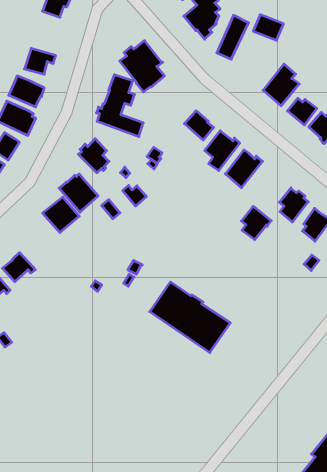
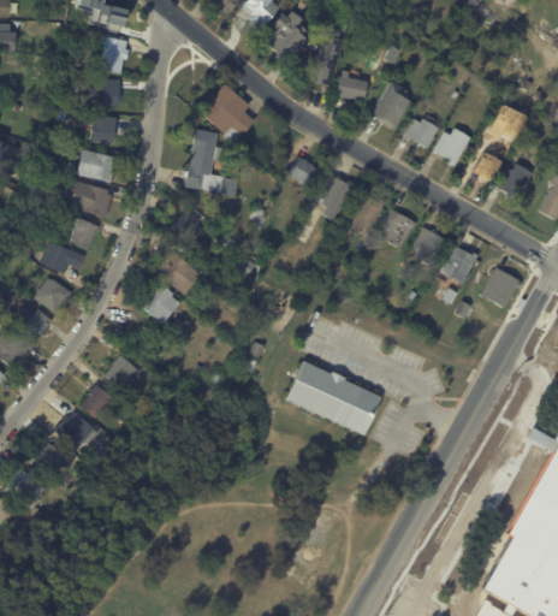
building: [253,15,283,40] -> [336,77,369,103]
building: none -> [89,78,123,105]
building: [241,206,271,240] -> [382,209,417,248]

